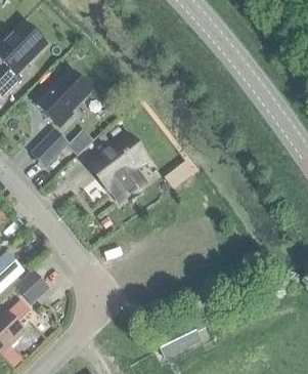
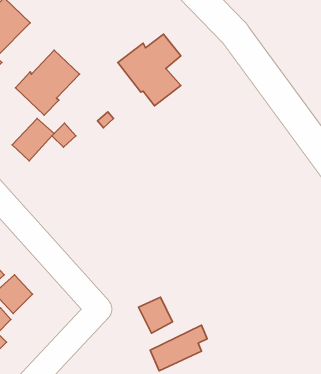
building: [88,136,144,201] -> [118,34,181,106]
building: none -> [139,297,173,333]

